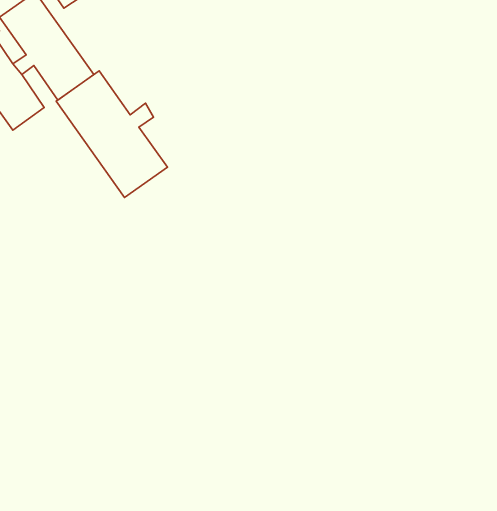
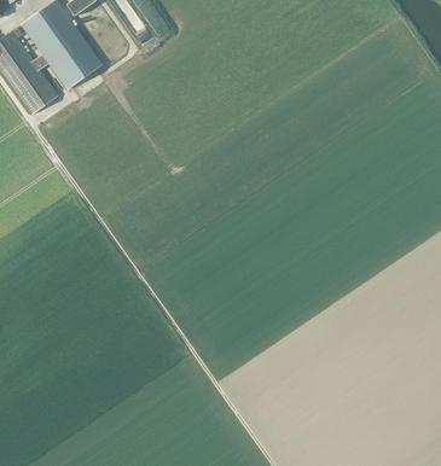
building: [56,71,167,198] -> none

